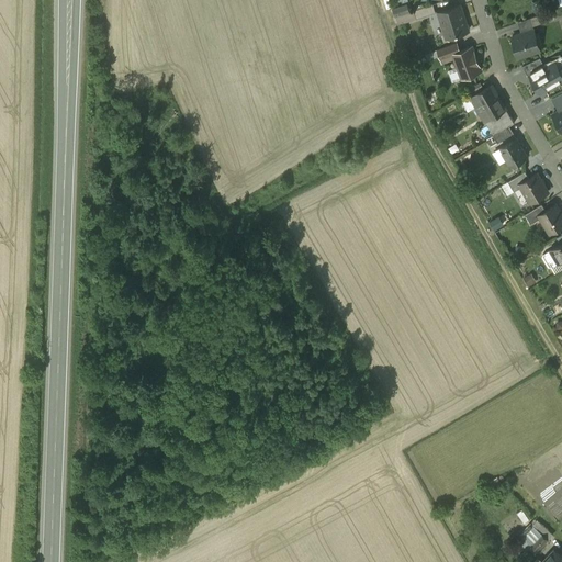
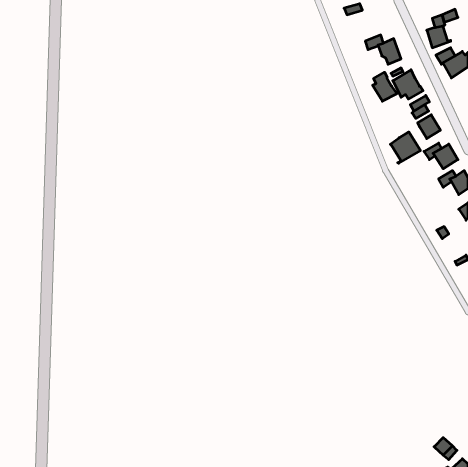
building: [437,8,468,40] -> none
building: none -> [373,72,397,101]
building: none -> [390,132,420,163]

